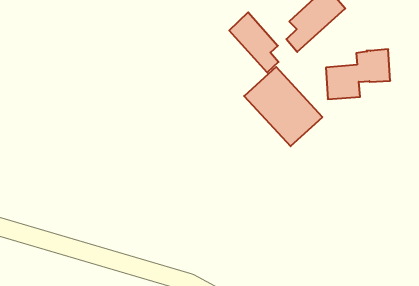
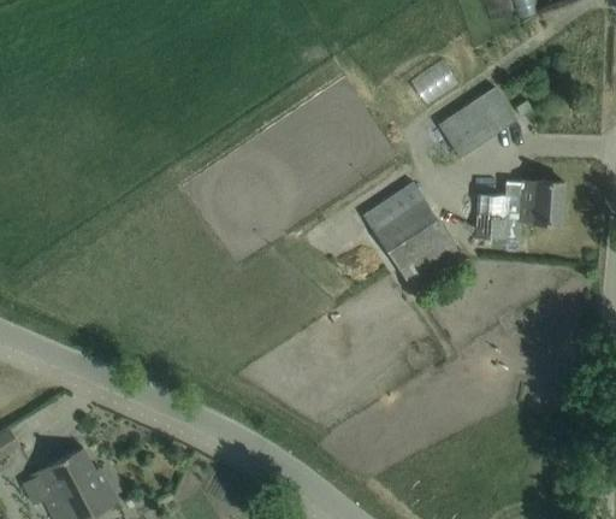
building: [229,12,279,73] -> none

